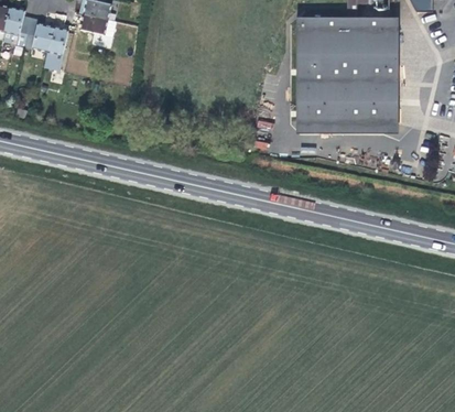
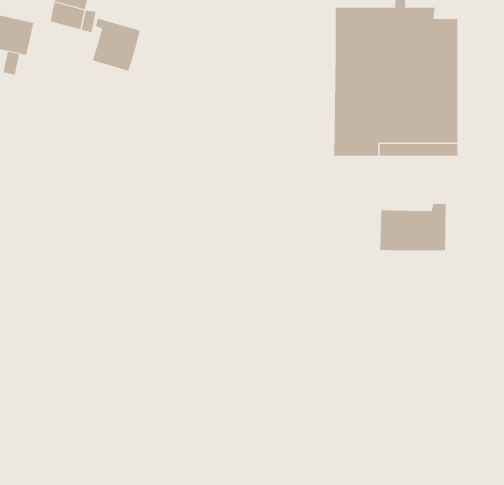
building: none -> [92,18,140,71]
building: none -> [380,203,446,251]

